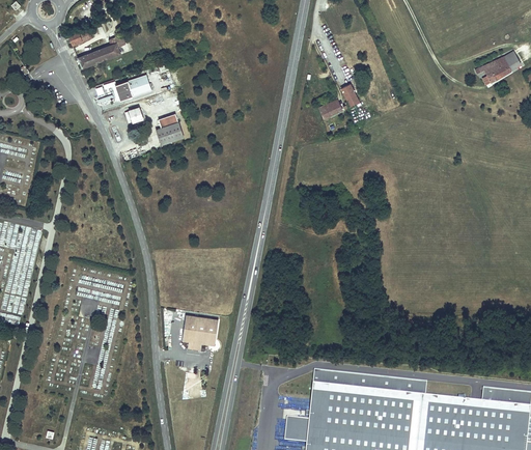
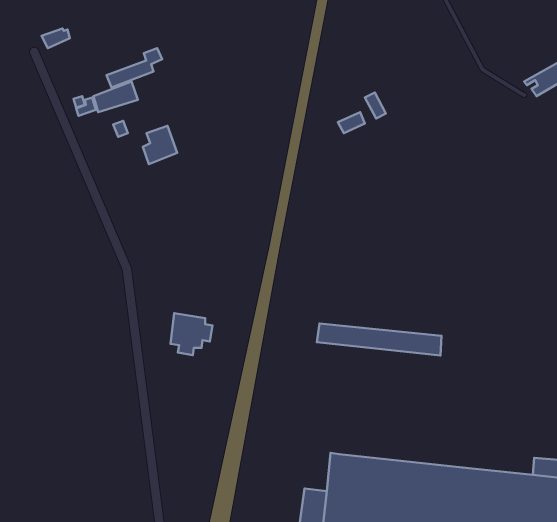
building: [80,35,127,68] -> [107,48,162,88]
building: [184,315,219,350] -> [170,313,212,355]
building: [319,371,424,398] -> [317,324,442,356]

